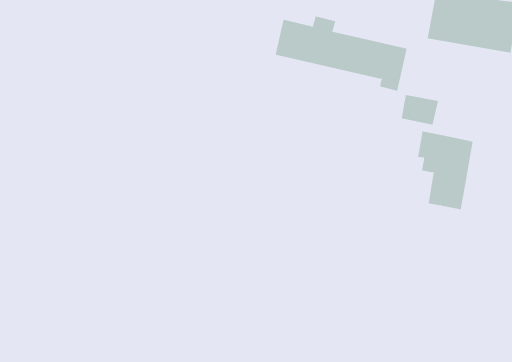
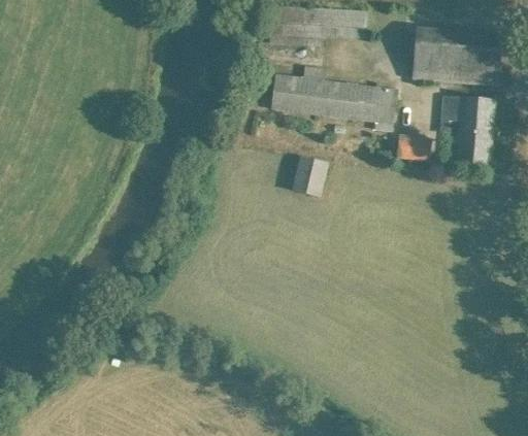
building: none -> [294,157,326,195]
building: [417,131,474,210] -> [441,94,494,166]

